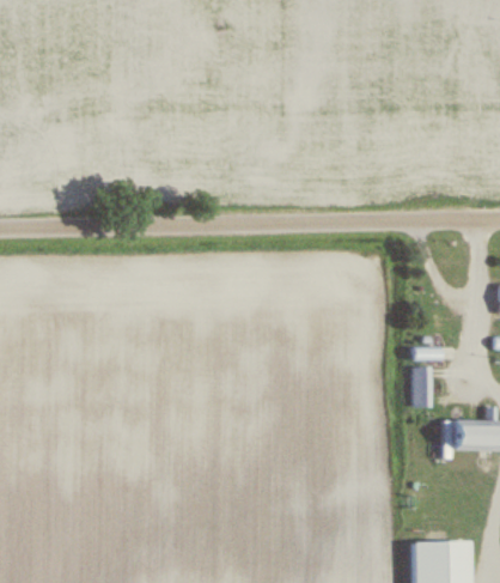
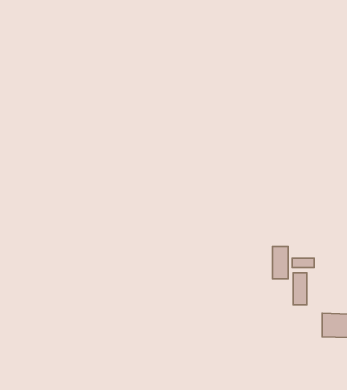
building: none -> [273,247,288,279]

